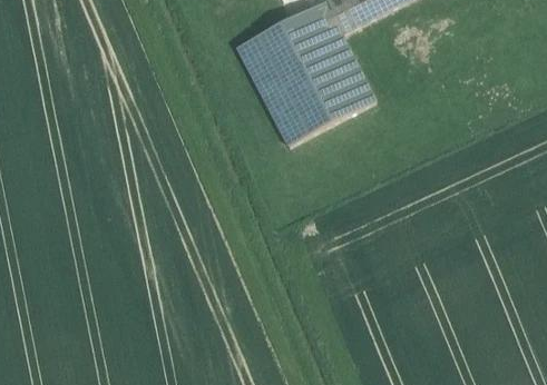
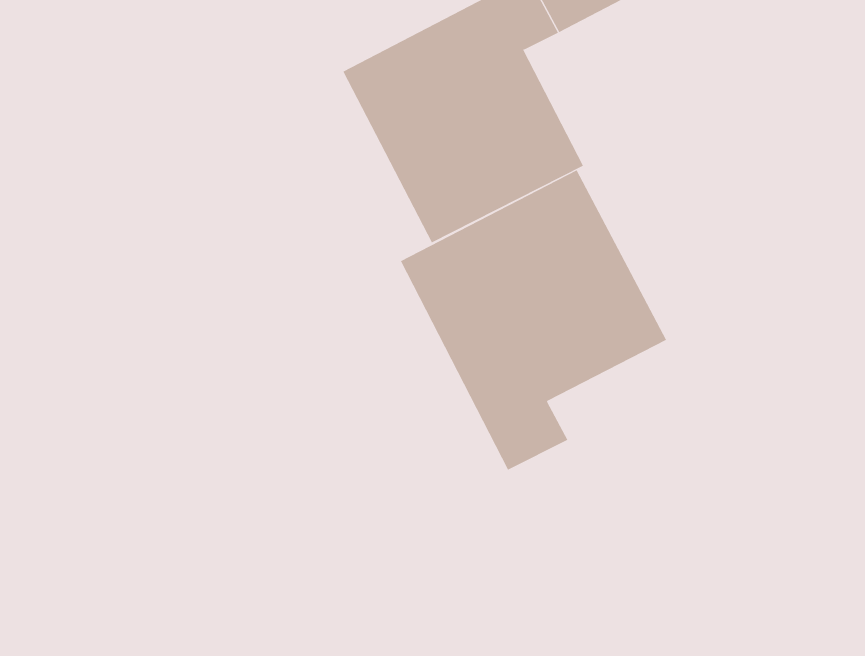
building: none -> [400,169,667,470]

